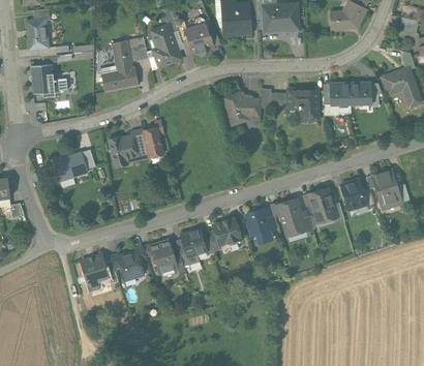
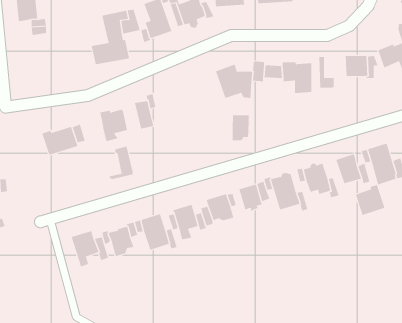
building: [30,64,67,93] -> none
building: [330,83,351,114] -> none
building: [124,129,149,162] -> [108,146,134,180]
building: none -> [232,114,249,141]
building: none -> [355,184,385,216]

